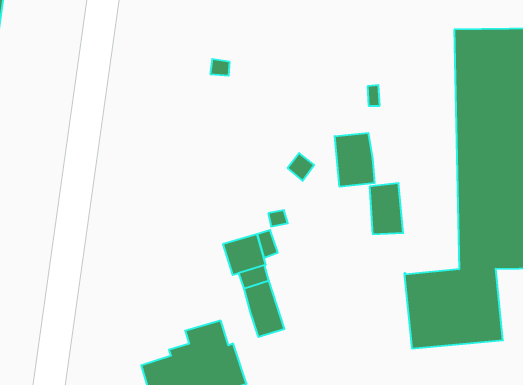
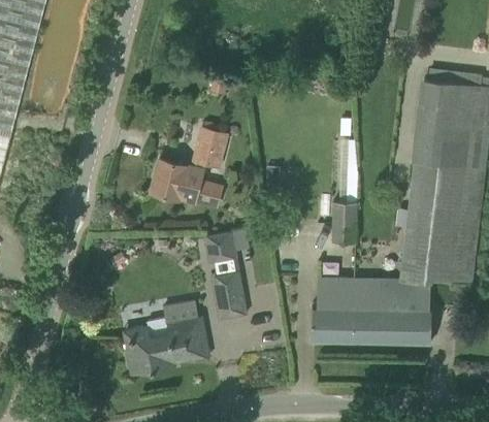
building: none -> [150,128,226,205]
building: [335,133,374,187] -> none
building: none -> [312,278,354,343]

